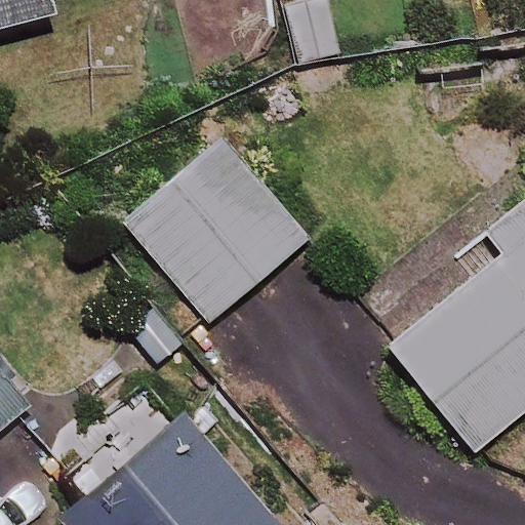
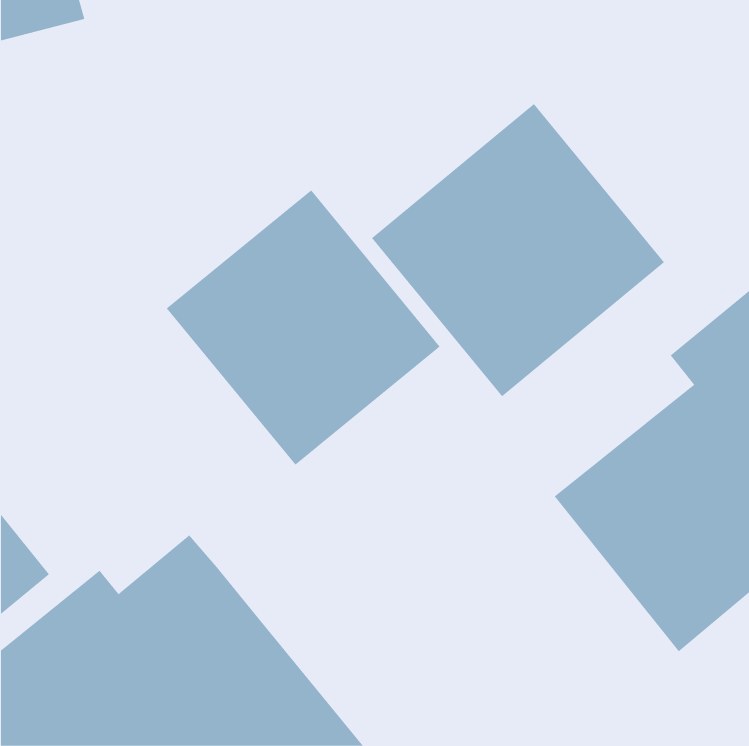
building: none -> [371,103,665,397]

